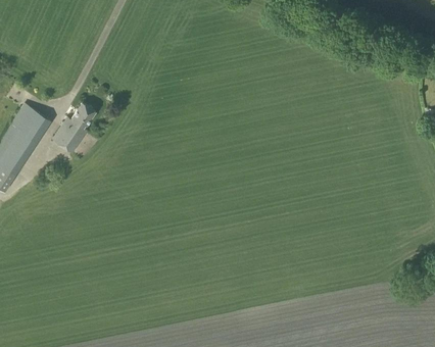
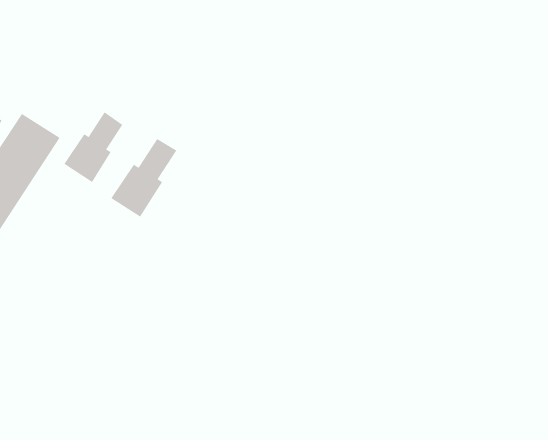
building: none -> [111,138,177,218]

